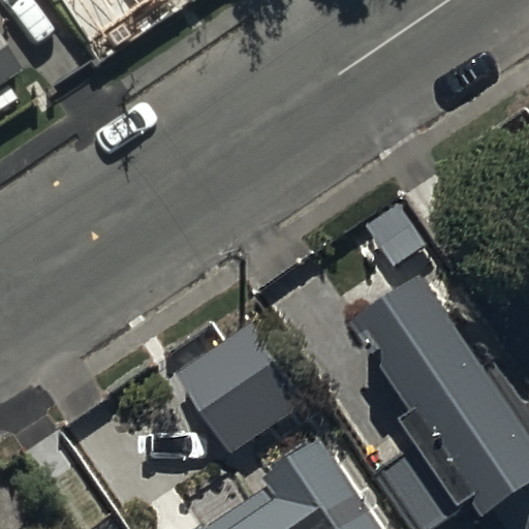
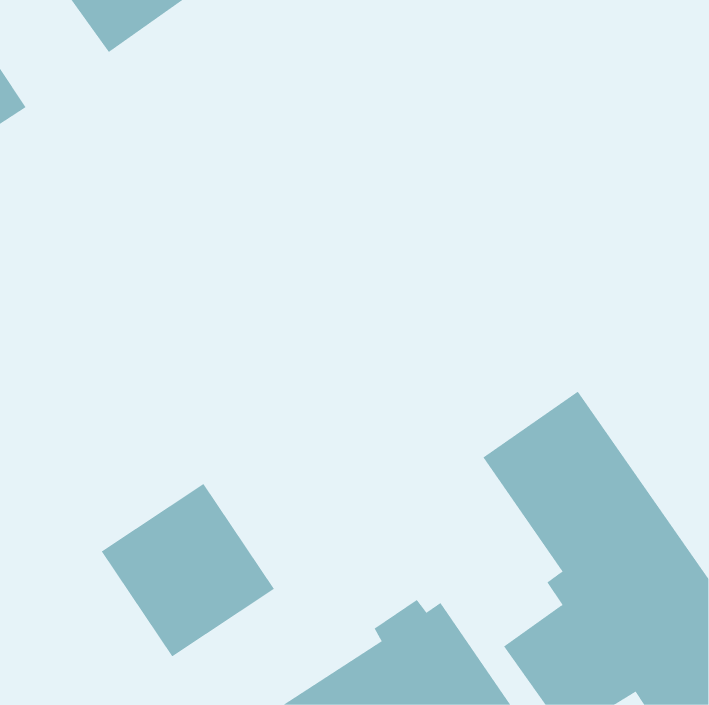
building: [177,320,306,449] -> [101,483,275,657]

